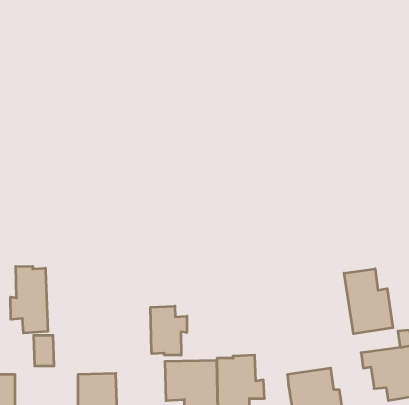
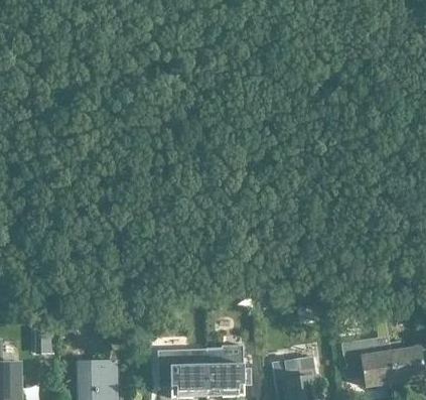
building: [11,266,48,333] -> none
building: [344,269,393,334] -> none
building: [151,306,187,355] -> none

